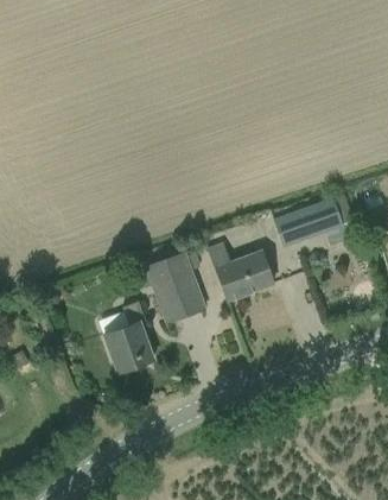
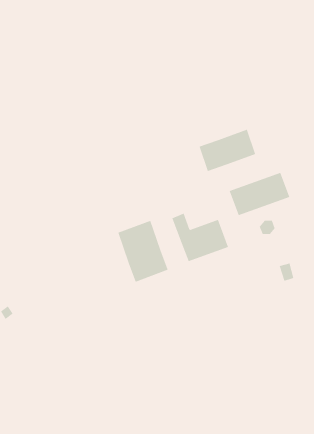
building: none -> [199,129,256,172]
building: [100,302,154,374] -> none

